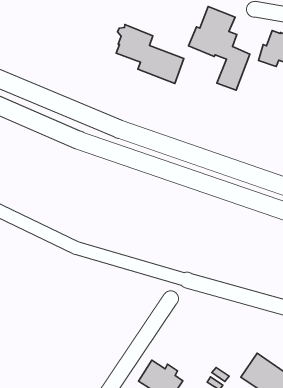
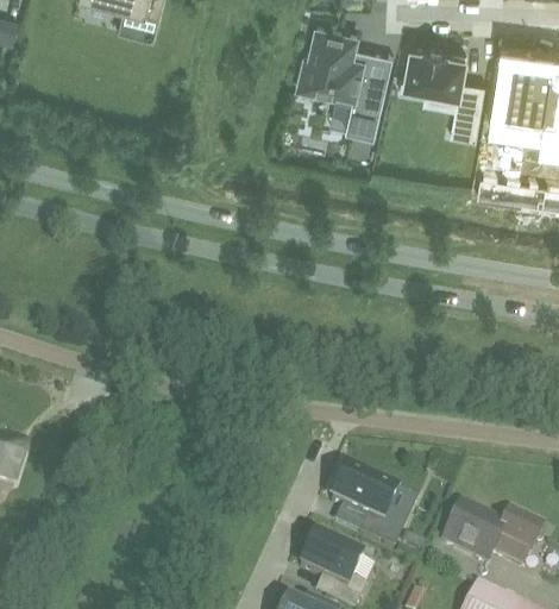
building: [116,25,184,83] -> none
building: none -> [329,467,404,547]

